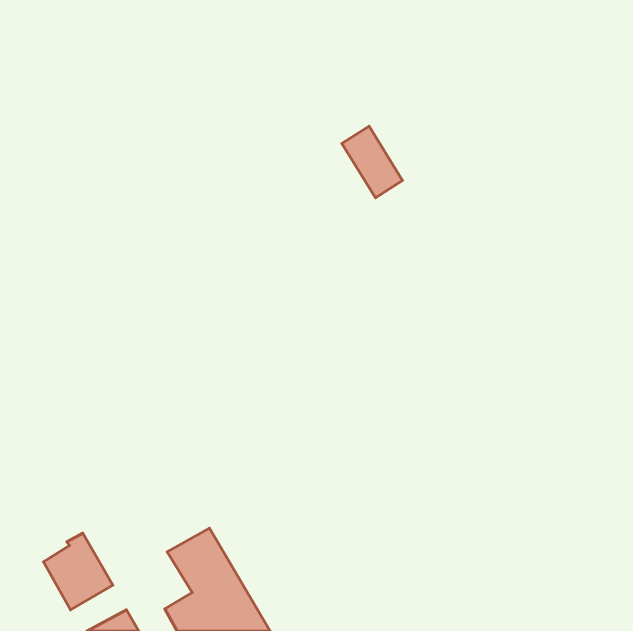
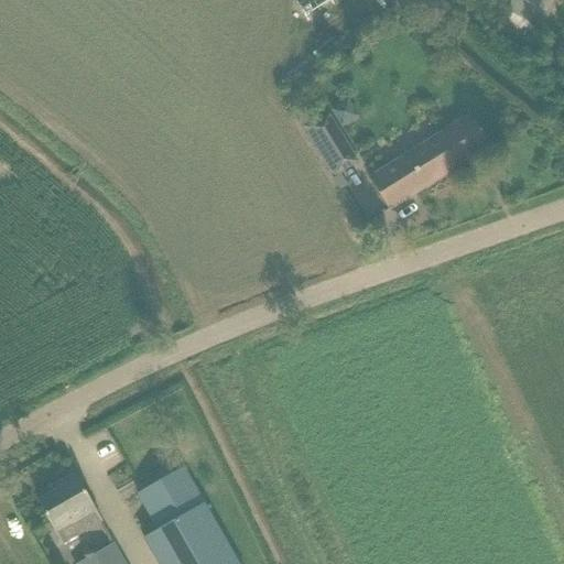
building: none -> [368,115,488,210]

